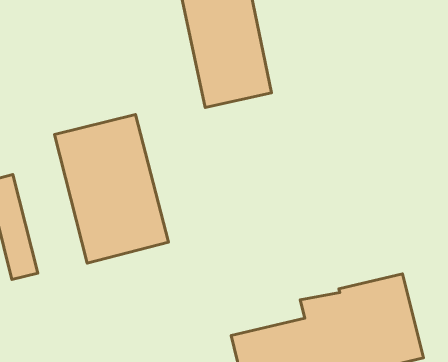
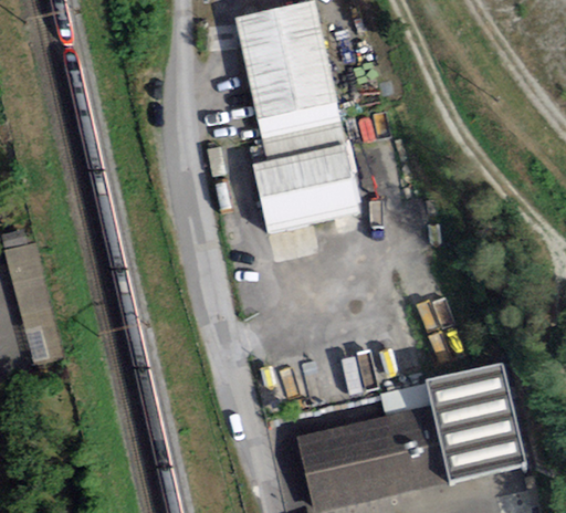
building: none -> [252,145,361,234]
building: [55,115,169,263] -> none

